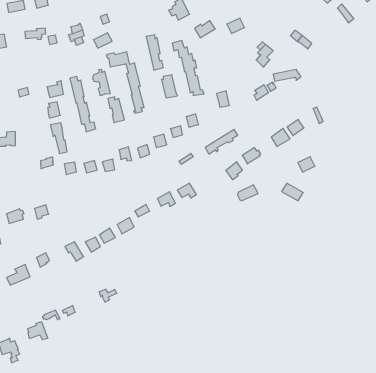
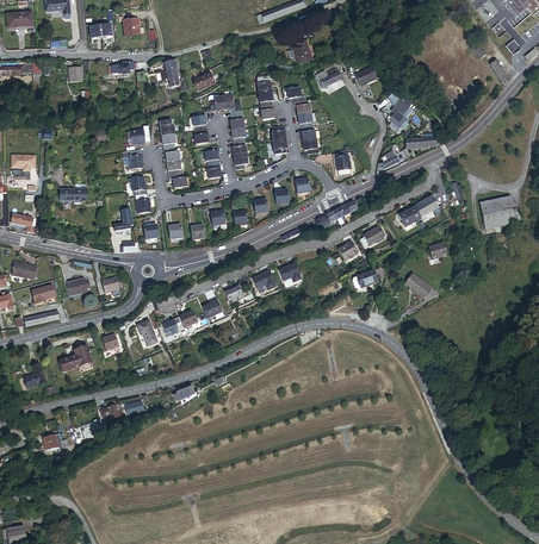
building: none -> [479,190,515,226]

